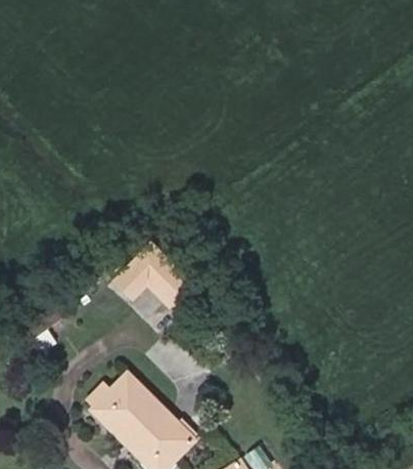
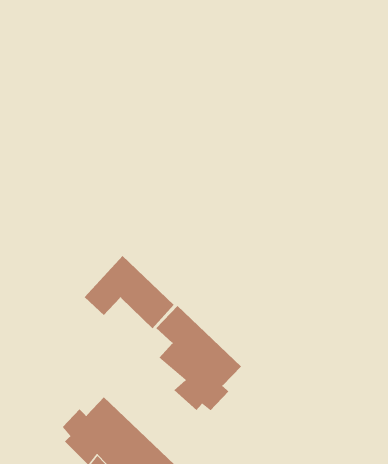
building: none -> [155,305,242,411]

